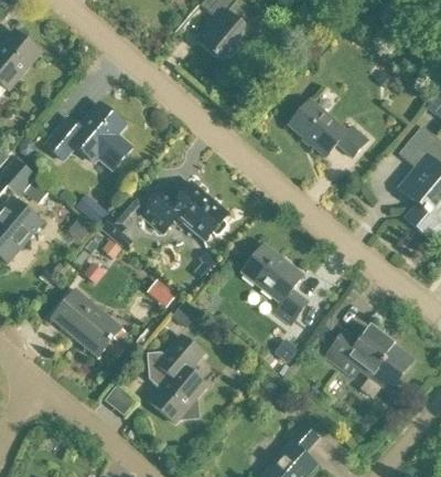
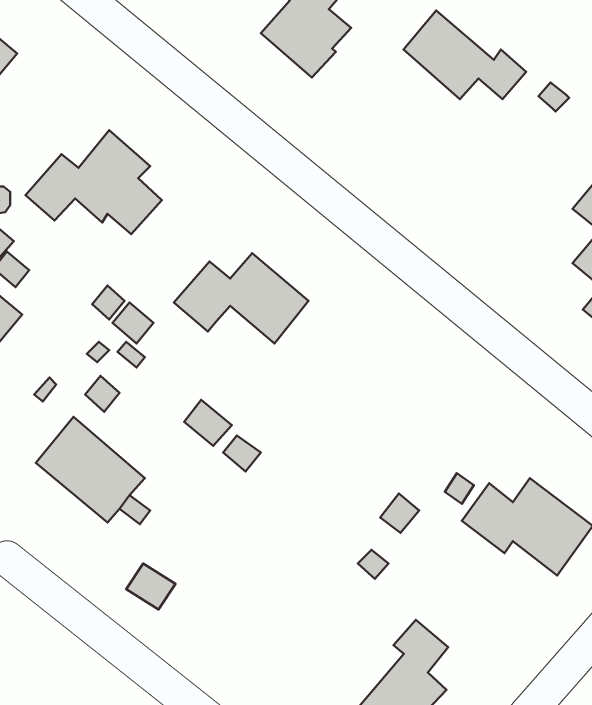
building: [288,99,367,157] -> [404,10,526,99]
building: [240,244,308,324] -> none
building: [147,336,205,423] -> none

